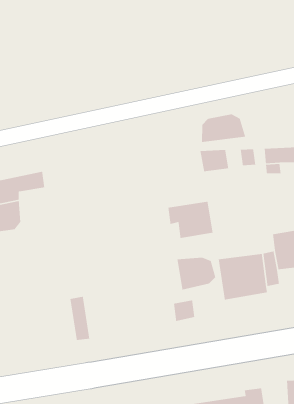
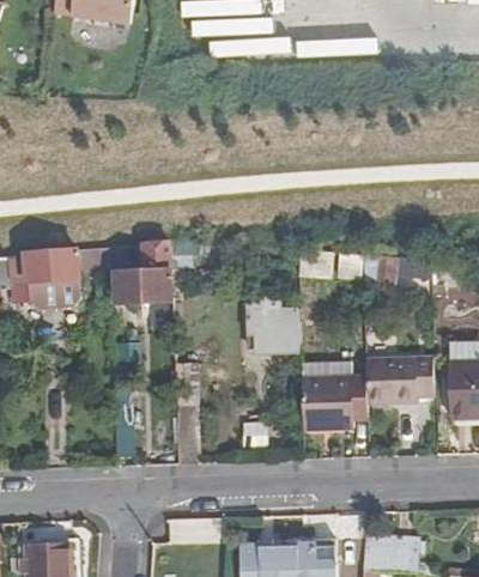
building: [201,114,246,143] -> none
building: none -> [115,242,172,302]
building: [177,257,216,291] -> none

